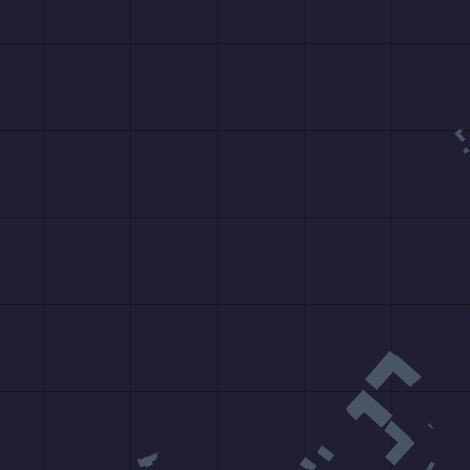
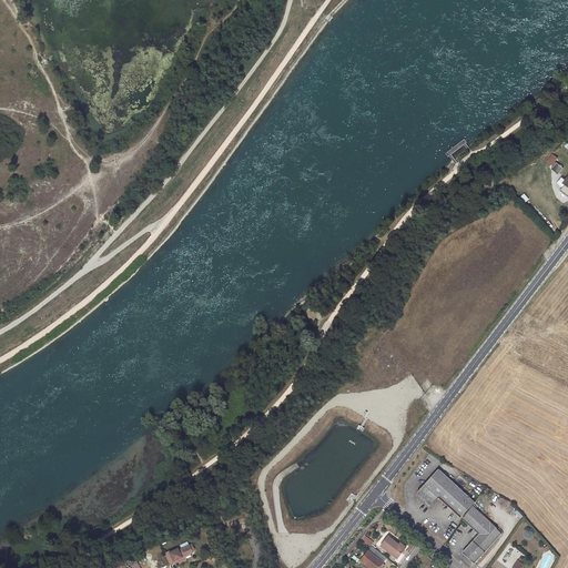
building: [364,350,423,391] -> none

